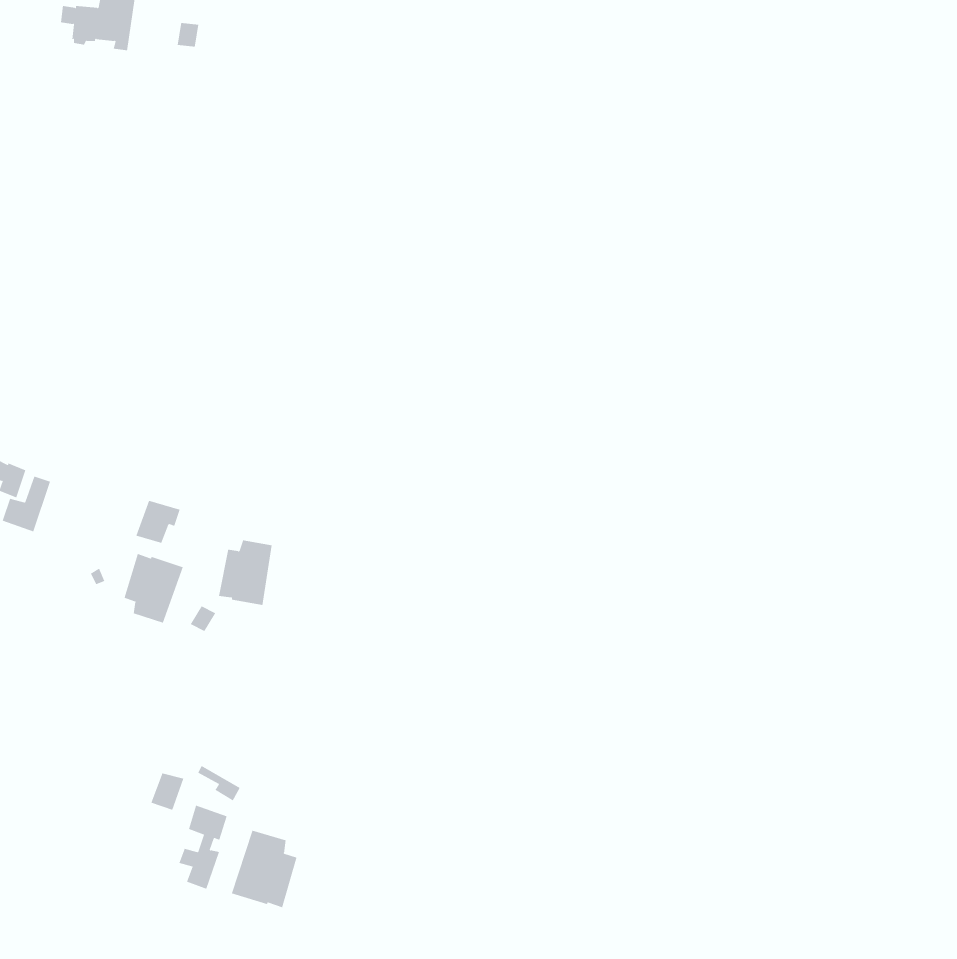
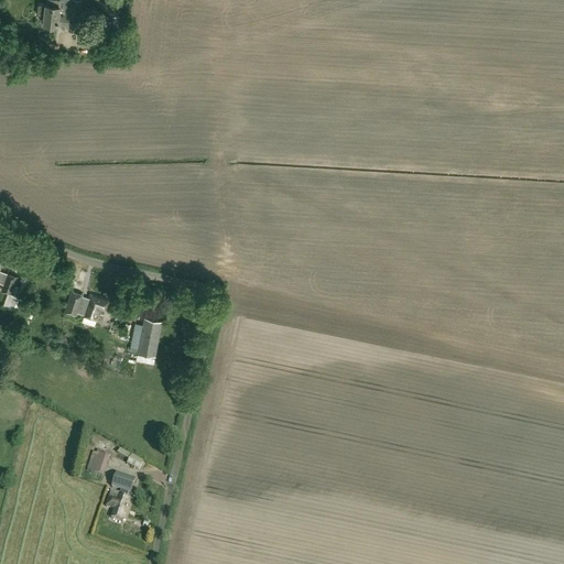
building: [124,553,183,623] -> none
building: [231,830,297,908] -> none

